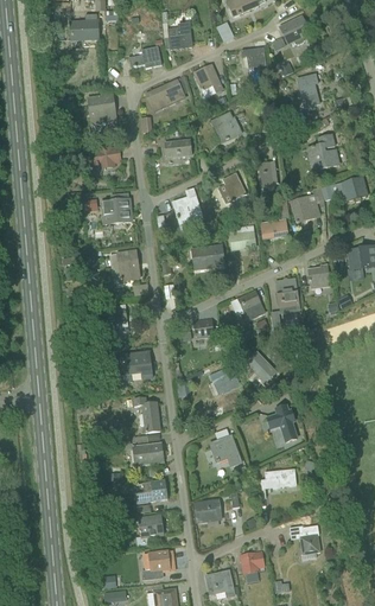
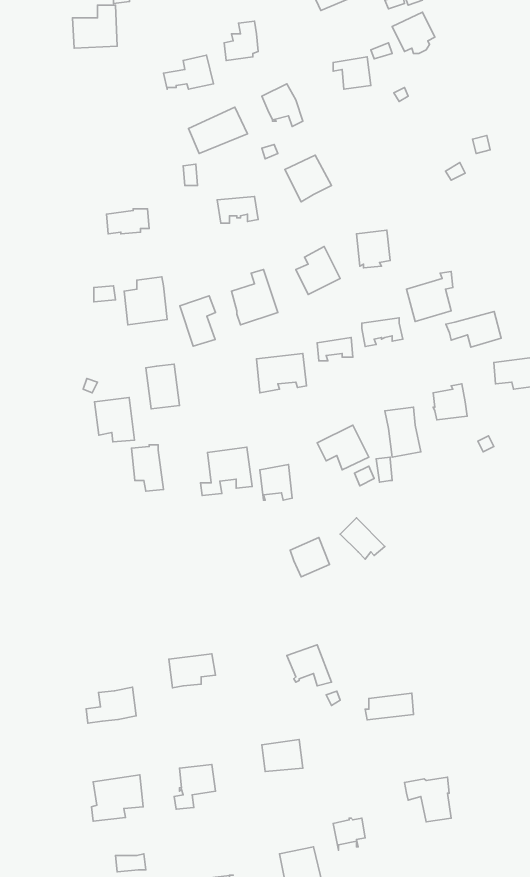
building: [295,70,319,107] -> none
building: [85,94,116,125] -> none
building: [305,134,336,171] -> none
building: [330,177,367,200] -> [446,312,501,347]
building: none -> [180,296,215,346]
building: none -> [94,397,135,442]
building: [117,351,152,383] -> [200,447,252,495]
building: [132,396,159,432] -> none
building: [265,403,298,442] -> none
building: [134,479,167,503] -> [86,687,136,723]
building: [140,549,174,580] -> [92,775,143,821]

